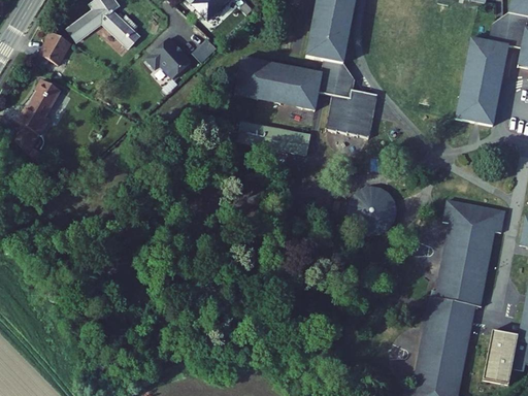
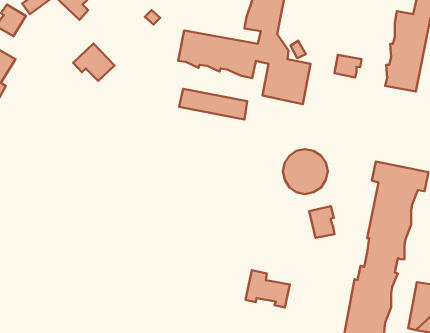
building: [147,37,192,77] -> [73,44,115,81]
building: none -> [335,55,361,78]
building: none -> [309,206,335,238]
building: none -> [245,270,290,307]

